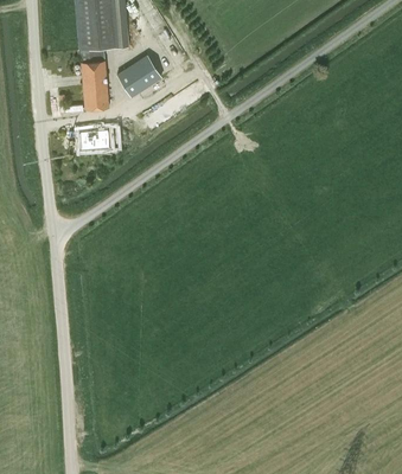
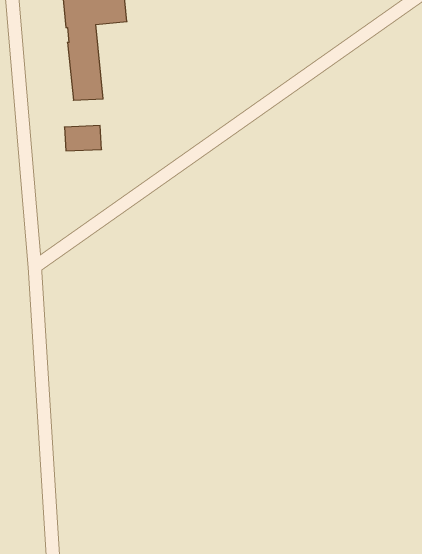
building: [117,65,161,95] -> none

